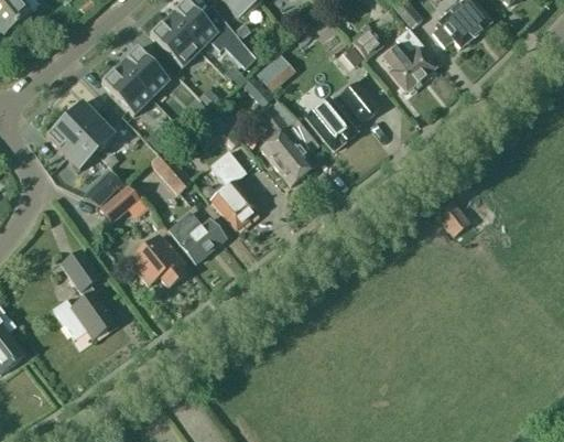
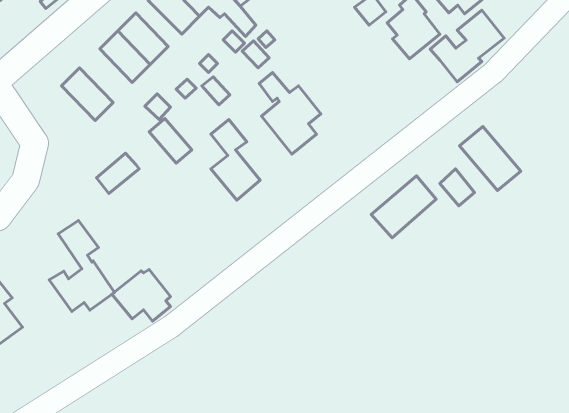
building: [306,80,379,151] -> [430,10,504,82]
building: [45,118,97,170] -> none
building: none -> [459,127,521,191]
building: [83,169,122,205] -> none
building: none -> [371,176,436,238]
building: [167,211,225,263] -> none
building: [128,236,185,287] -> [112,270,170,321]

